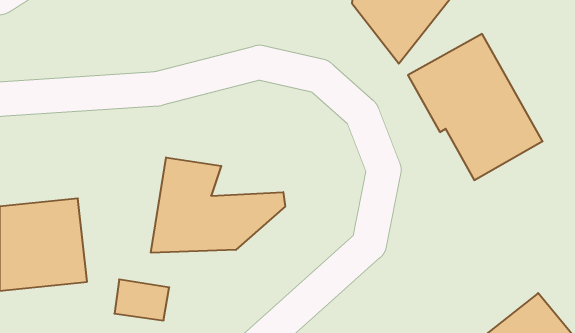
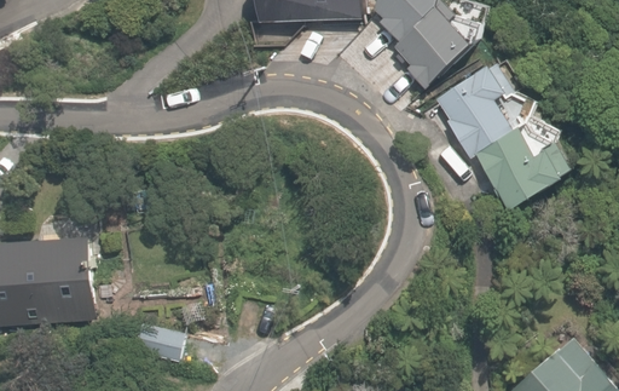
building: [151,157,285,253] -> none

